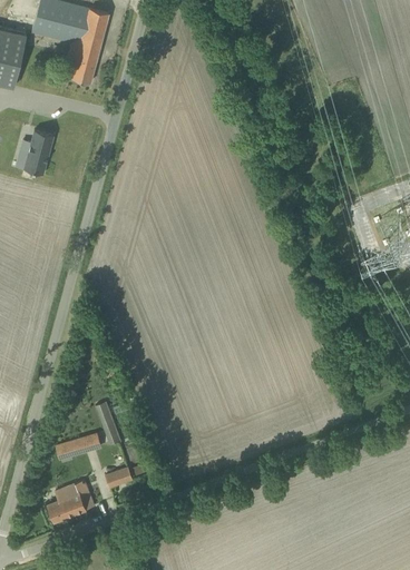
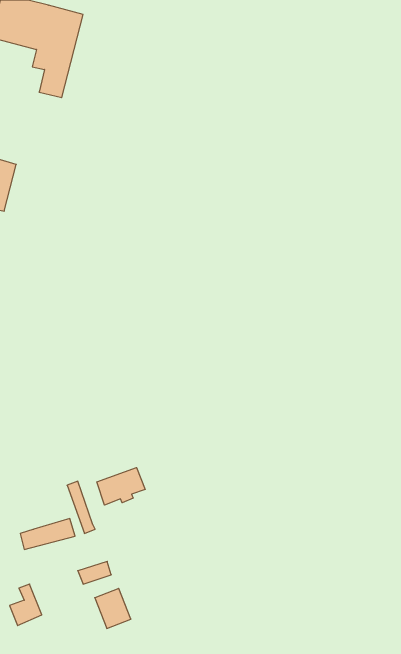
building: none -> [97,468,145,505]
building: [64,480,94,513] -> [95,588,131,628]

